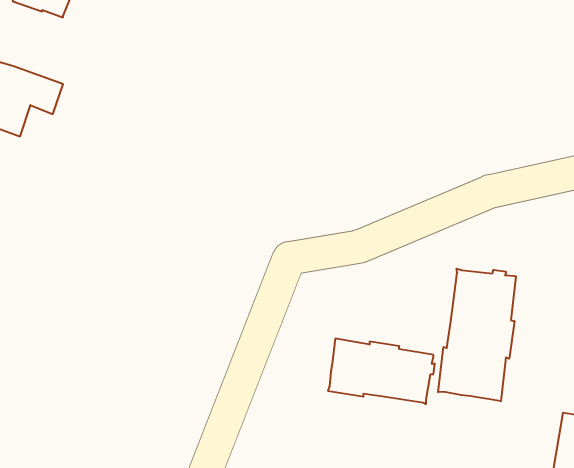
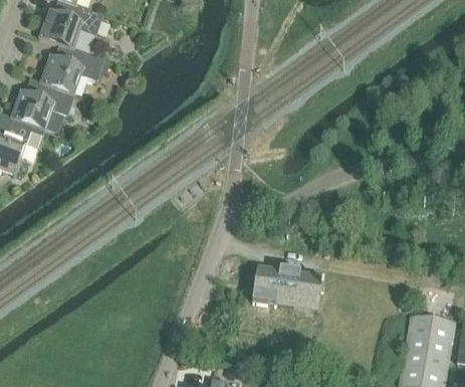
building: none -> [40,42,103,92]
building: [438,269,516,401] -> none

